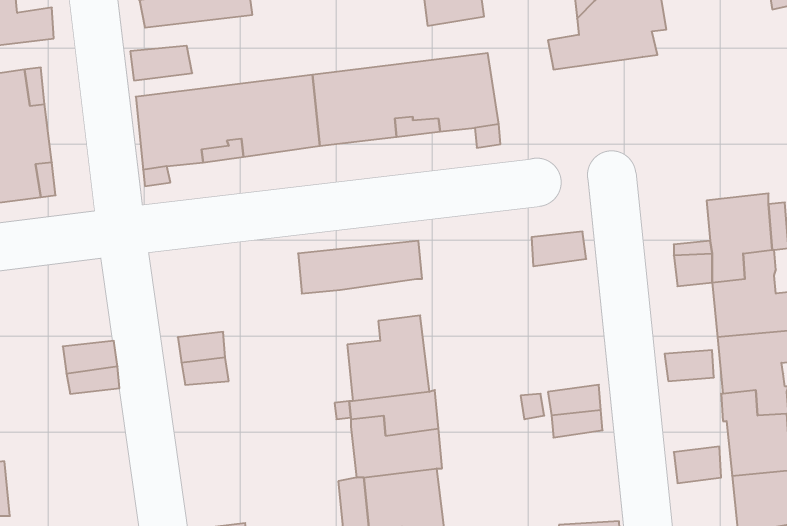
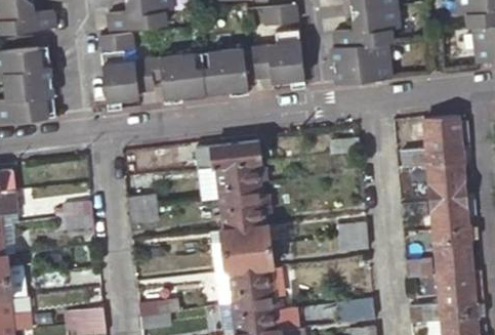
building: none -> [332,39,391,85]
building: none -> [195,164,261,203]

